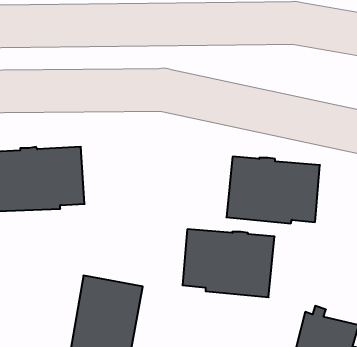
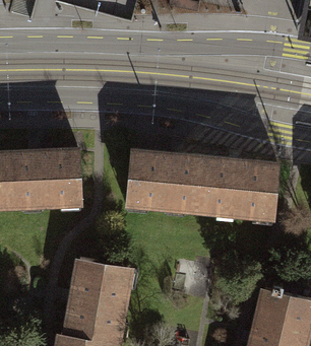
building: [182,229,275,297] -> [129,155,206,212]

